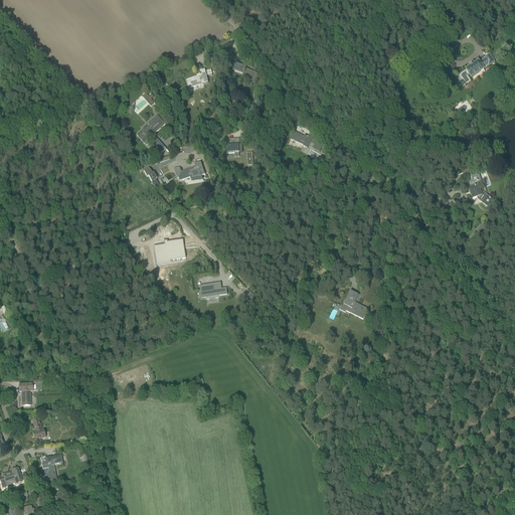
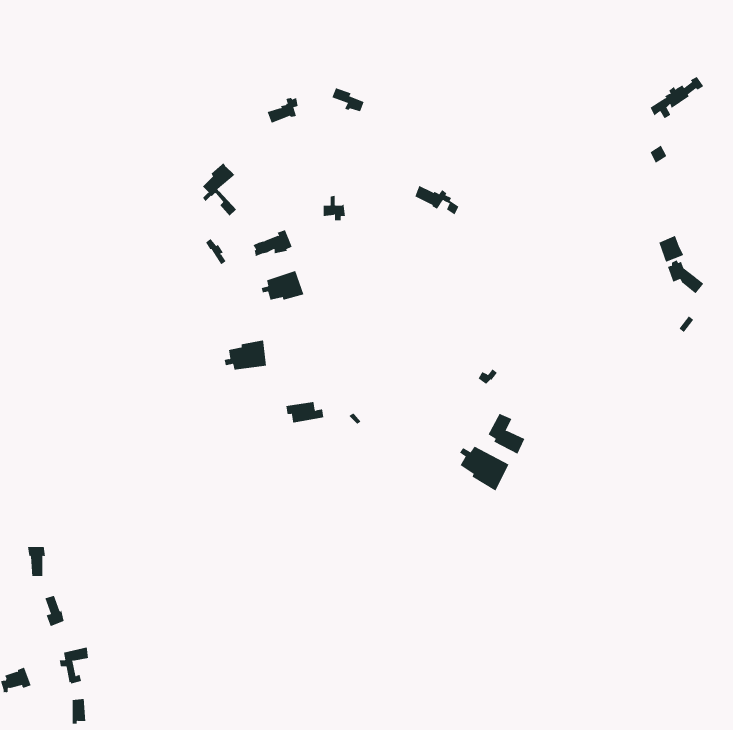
building: none -> [261,270,304,301]
building: none -> [459,446,509,491]

